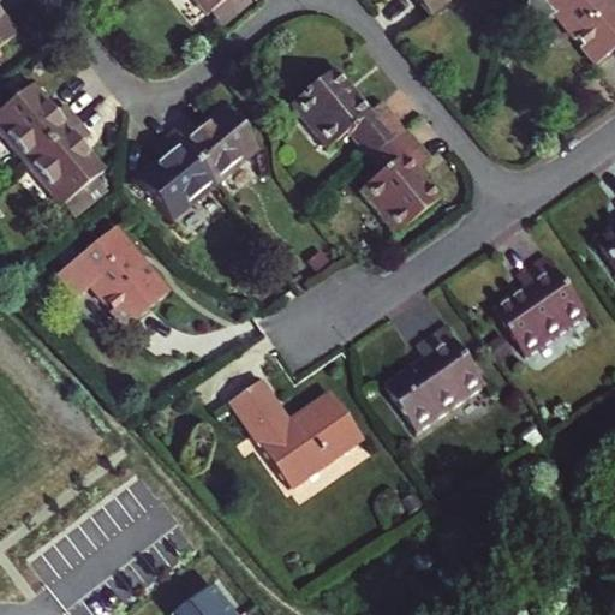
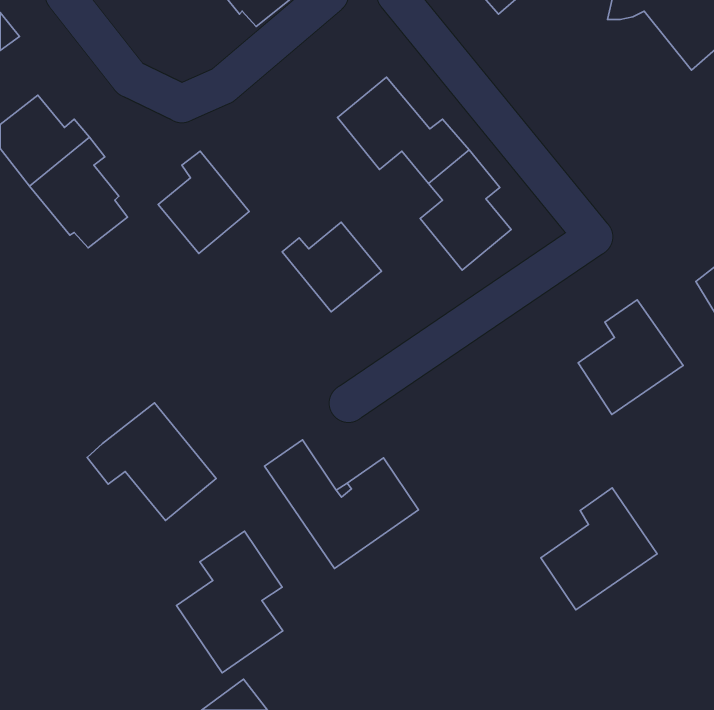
building: [173,105,258,181] -> [282,222,382,312]
building: [58,225,168,326] -> [87,403,216,521]
building: [386,328,485,432] -> [541,488,657,610]
building: none -> [177,531,283,673]

